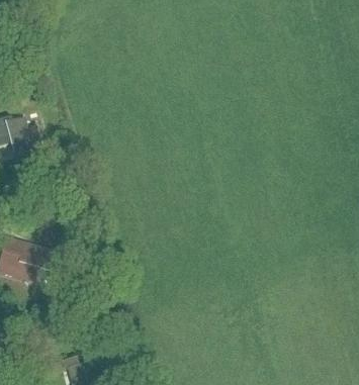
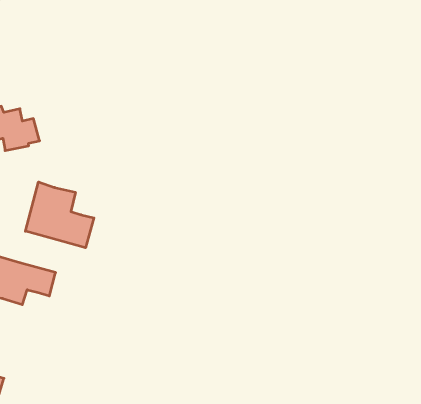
building: none -> [25,182,94,248]

